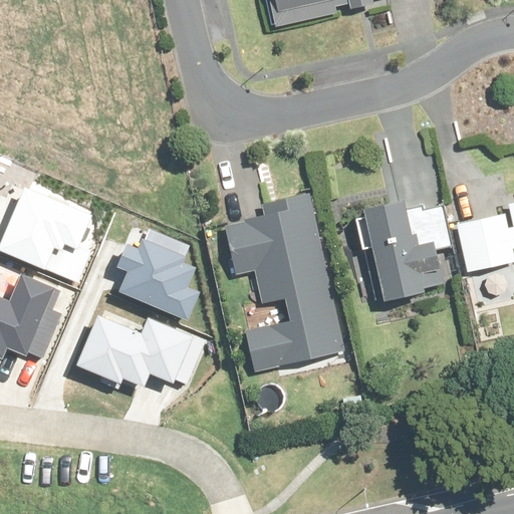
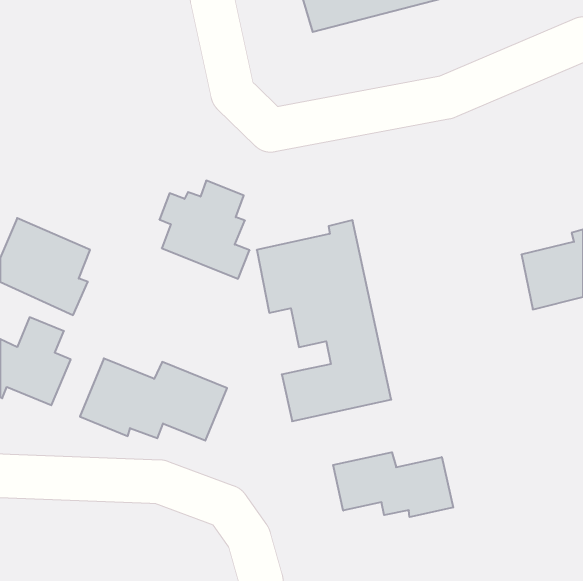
building: [354,200,451,300] -> none
building: [110,232,190,318] -> [159,181,250,279]
building: none -> [333,452,453,517]

